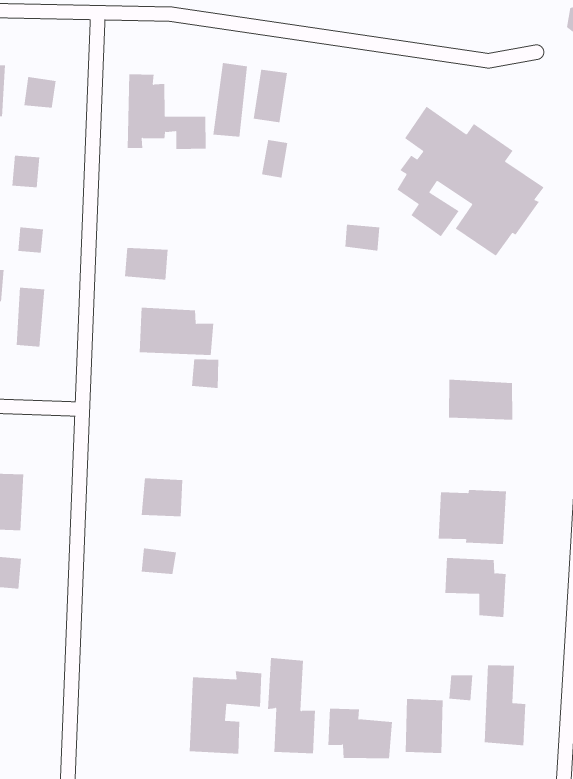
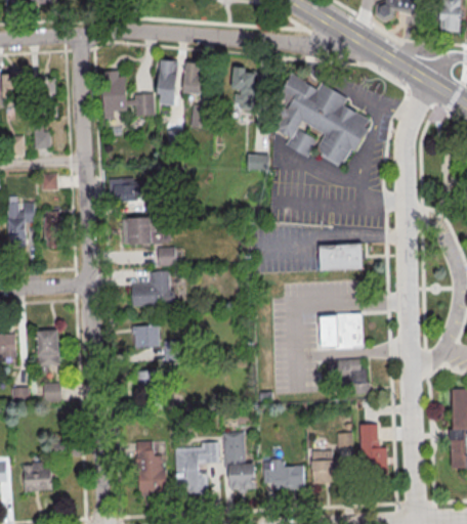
building: none -> [231,67,256,110]
building: none -> [131,270,169,305]
building: none -> [137,441,165,495]

